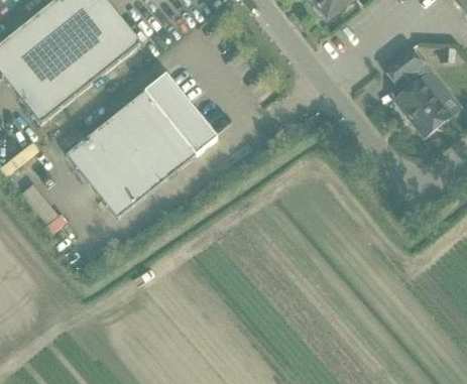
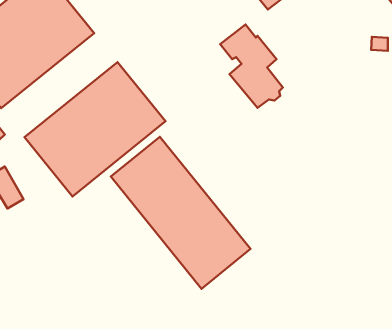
building: [384,45,452,135] -> [220,24,283,108]
building: none -> [111,137,251,289]

